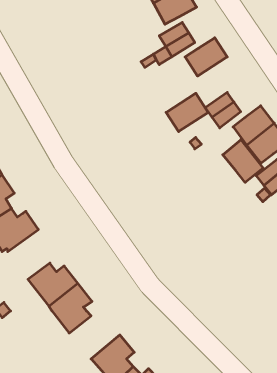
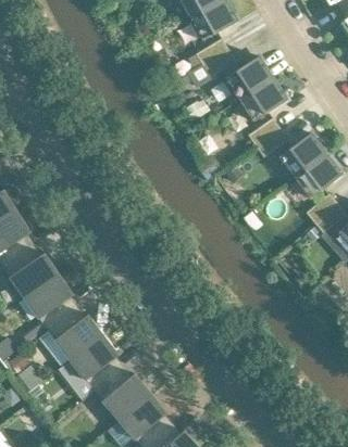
building: [166,93,208,132] -> [239,78,287,122]
building: [223,140,263,182] -> none
building: none -> [24,273,74,330]
building: none -> [94,371,151,420]

